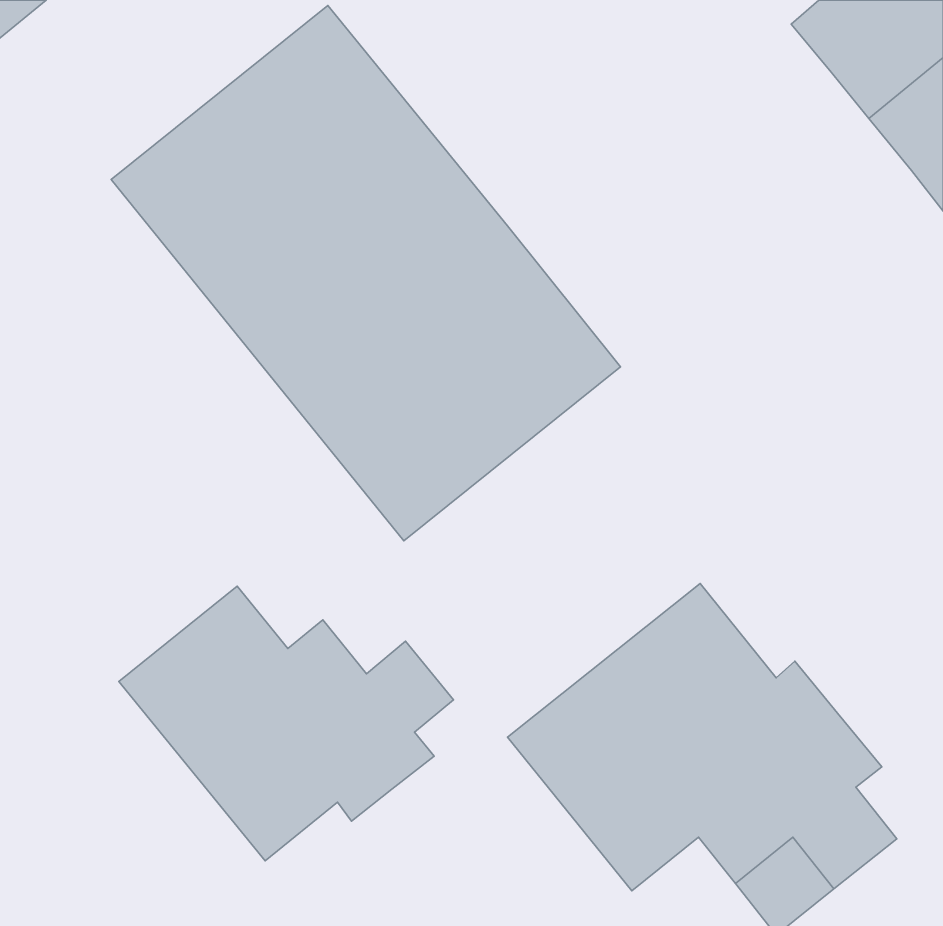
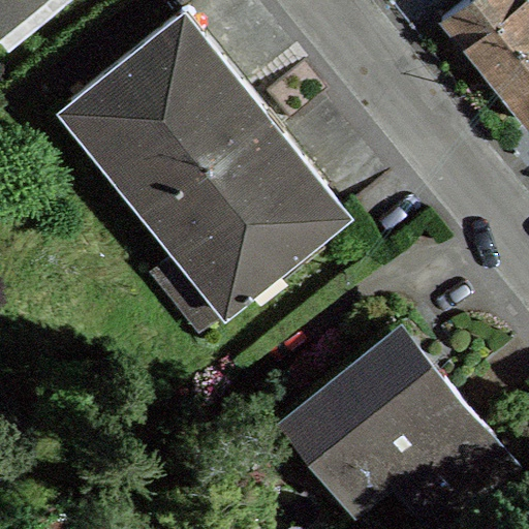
building: [119,586,453,861] -> none

